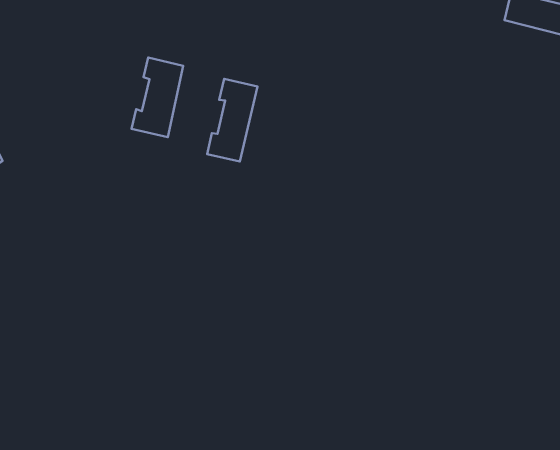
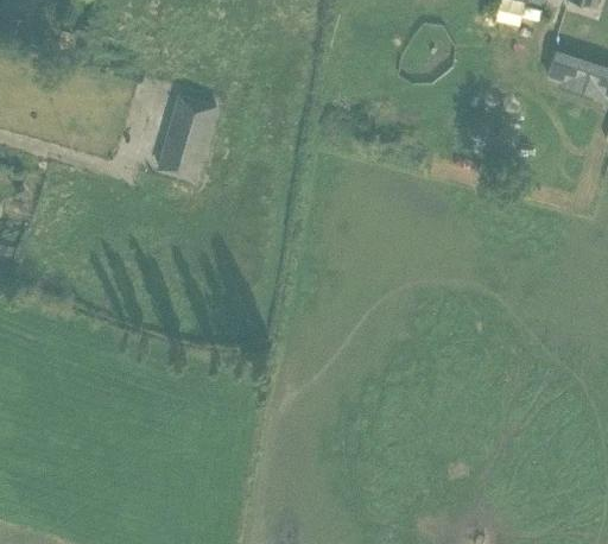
building: [207,79,258,161] -> none

